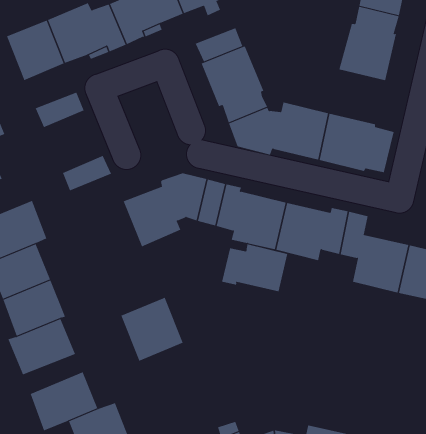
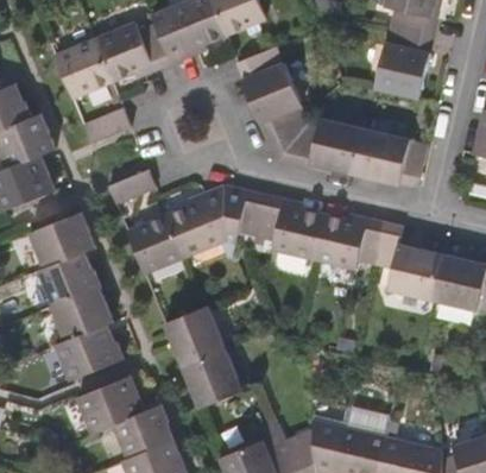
building: none -> [126,213,184,272]
building: [222,243,288,292] -> none
building: none -> [182,348,241,406]

